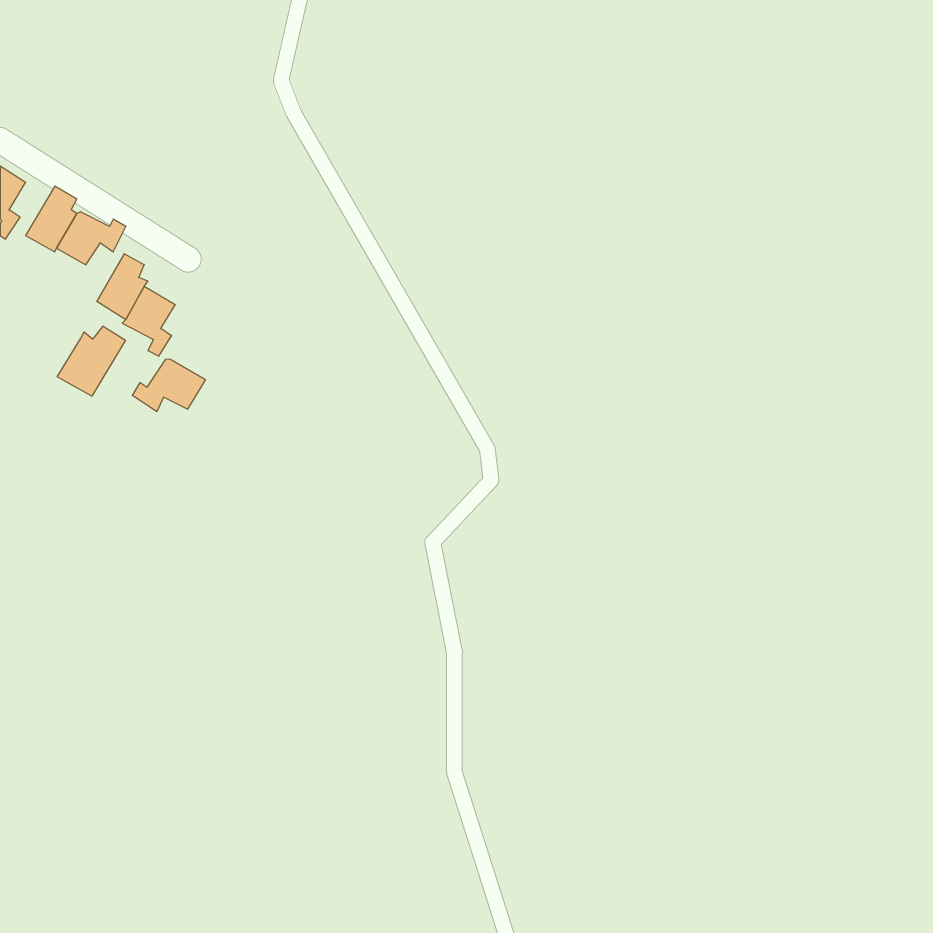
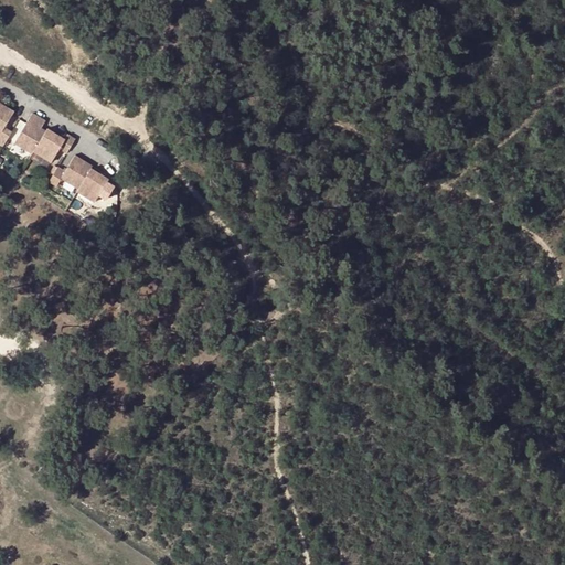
building: [57,326,125,396] -> none
building: [132,359,205,412] -> none

